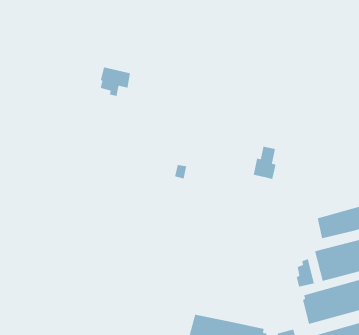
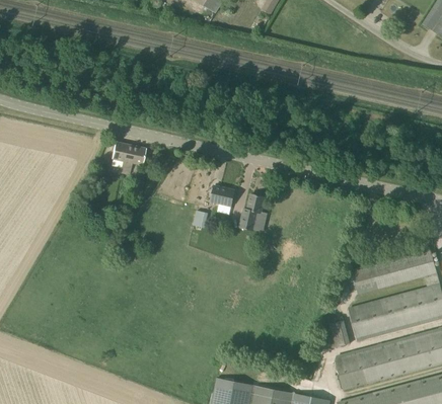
building: [100,67,131,97] -> [112,141,146,174]
building: none -> [211,185,235,207]
building: [253,146,277,180] -> [239,193,266,231]

